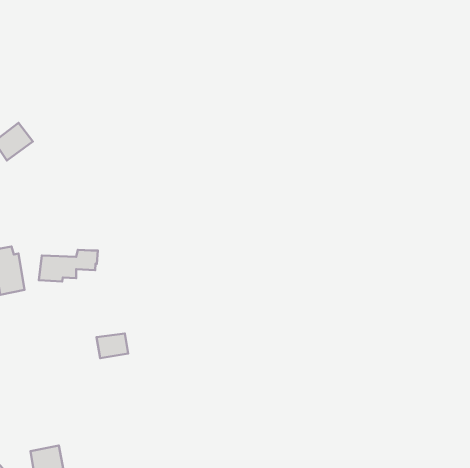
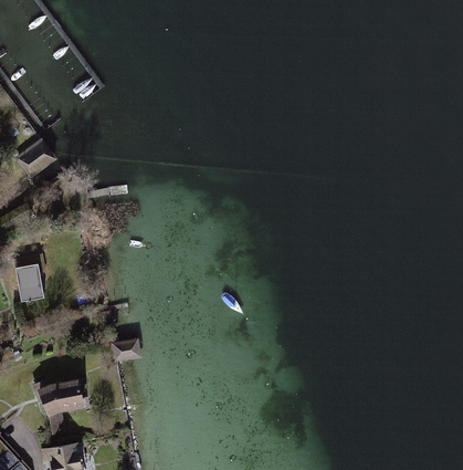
building: [39,250,98,282] -> none
building: none -> [34,379,83,432]

